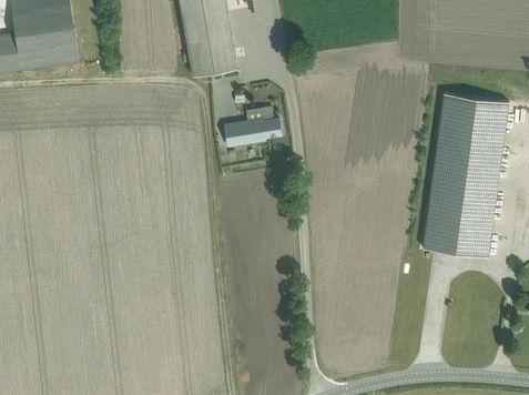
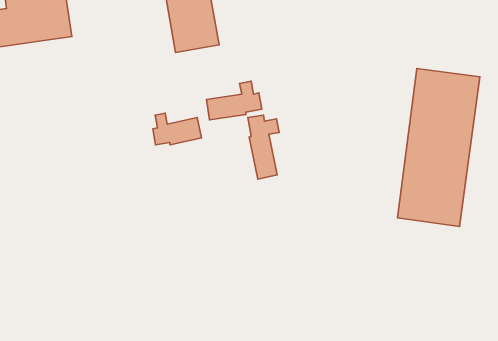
building: none -> [153,113,201,145]
building: none -> [248,115,279,179]

